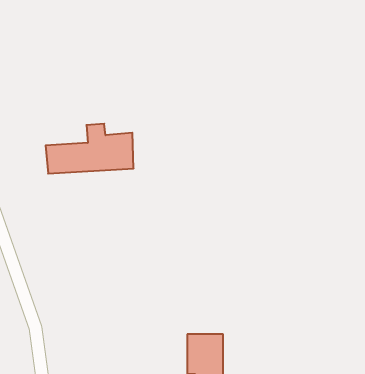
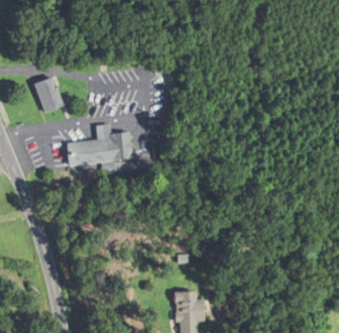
building: none -> [33,78,63,113]

